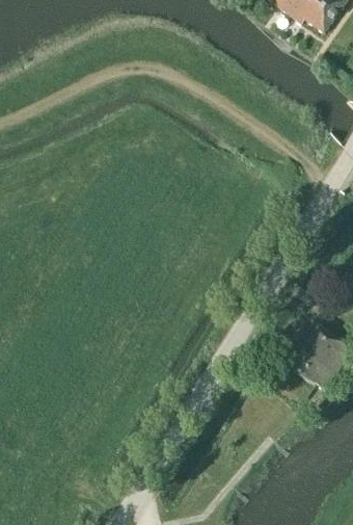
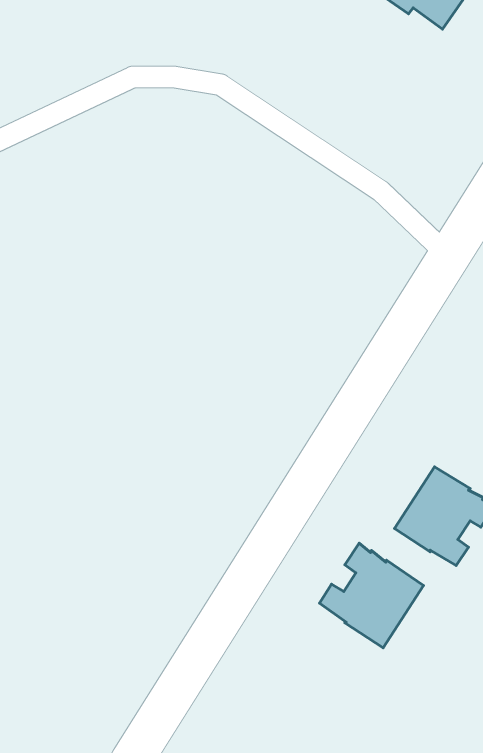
building: none -> [319,543,423,648]

